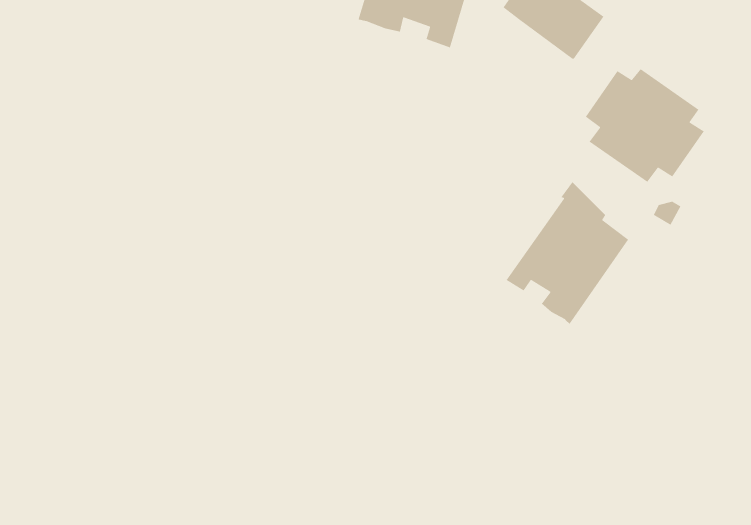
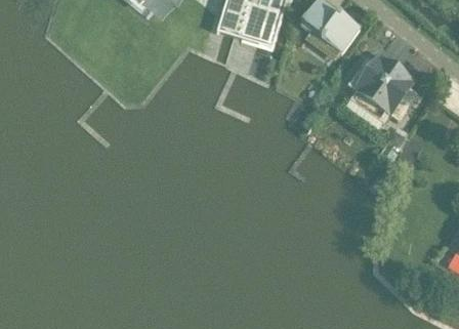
building: [506,181,629,325] -> none

